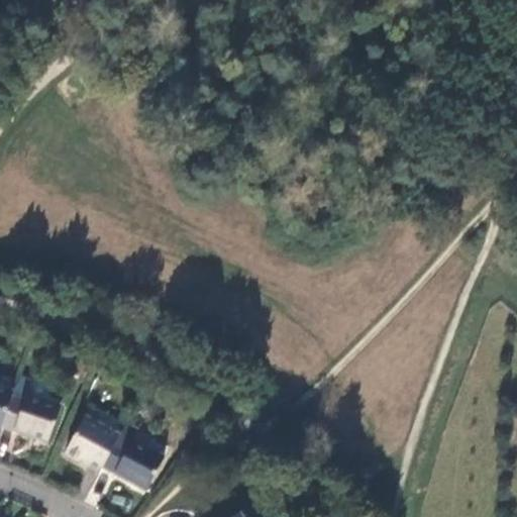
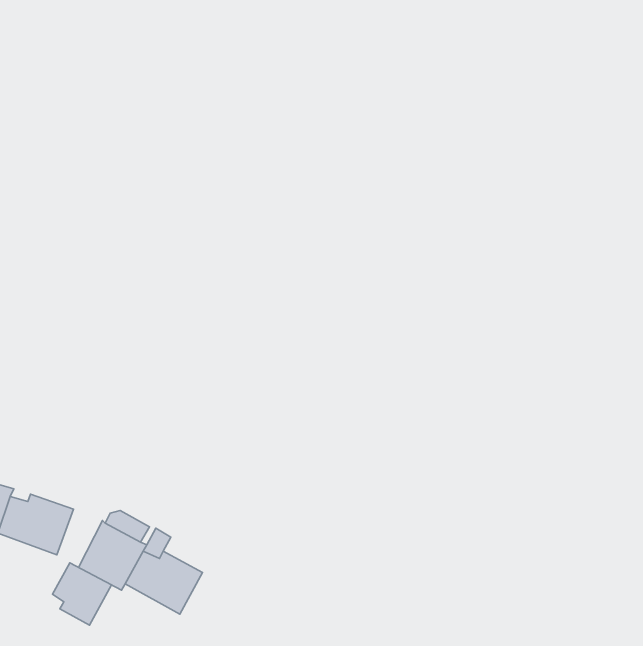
building: none -> [52,563,111,625]

